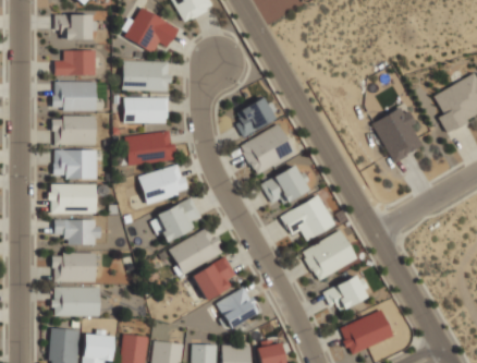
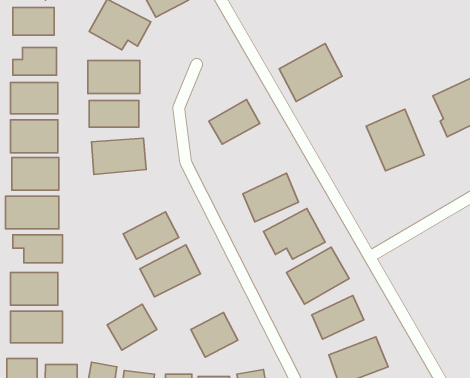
building: [238,122,295,174] -> [279,43,342,101]
building: [138,161,189,204] -> none
building: [193,257,237,299] -> [107,304,157,350]

